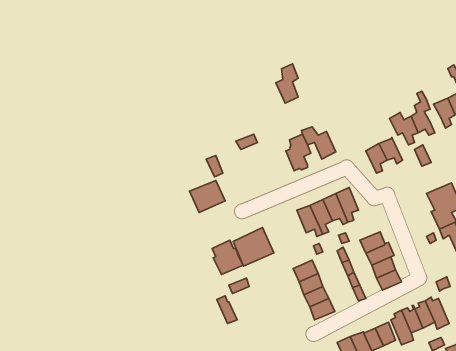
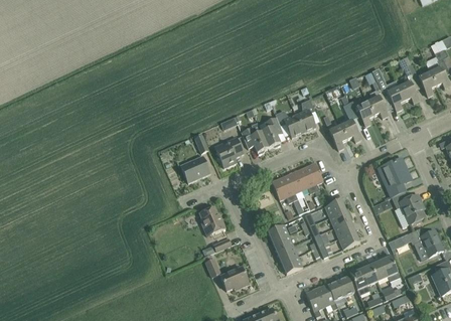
building: [276,64,298,103] -> [296,99,315,132]
building: none -> [241,123,269,154]
building: none -> [216,137,244,167]
building: [233,228,274,266] -> none
building: none -> [220,267,249,291]

